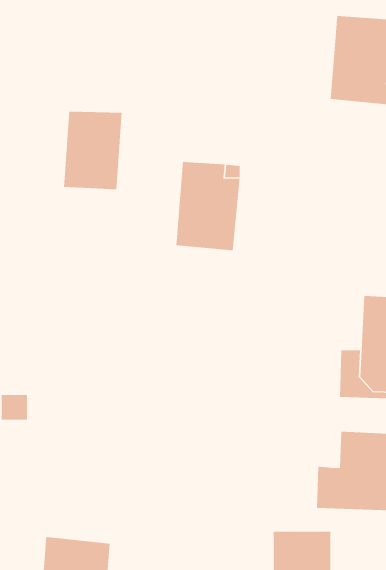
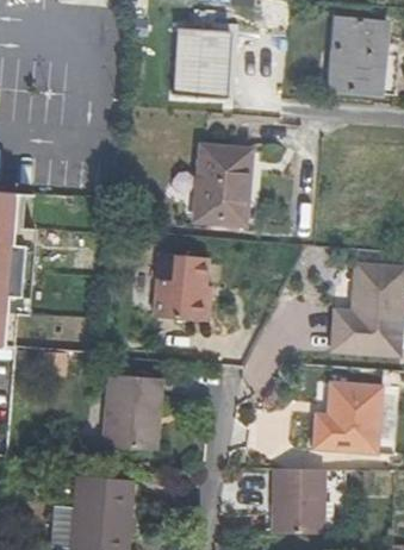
building: [63,111,123,190] -> [173,31,225,100]
building: none -> [151,252,205,320]
building: none -> [100,376,162,451]

